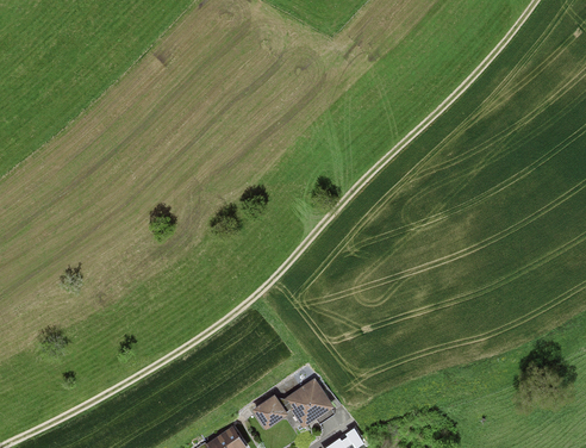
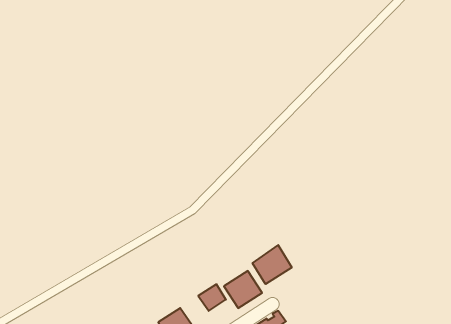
building: none -> [253,245,292,284]

